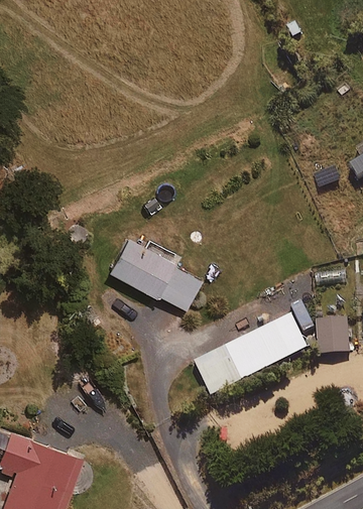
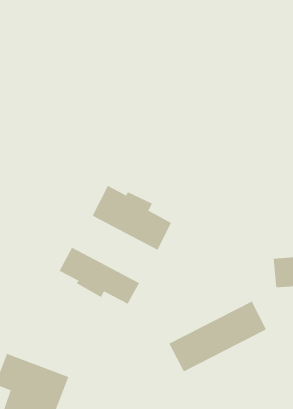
building: none -> [59,247,140,304]
building: [194,312,308,395] -> [169,301,267,372]

